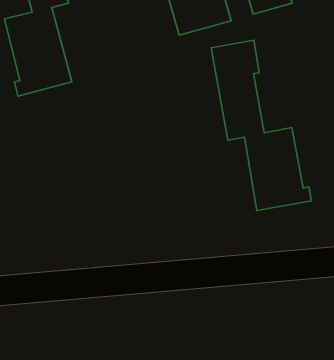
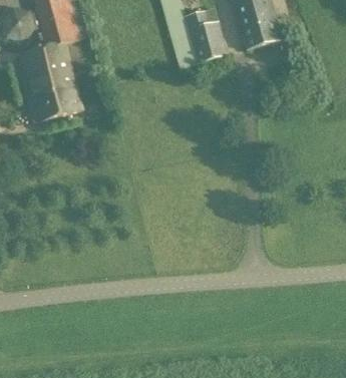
building: [211,40,312,210] -> none

